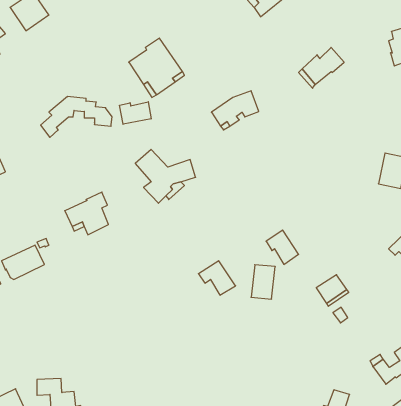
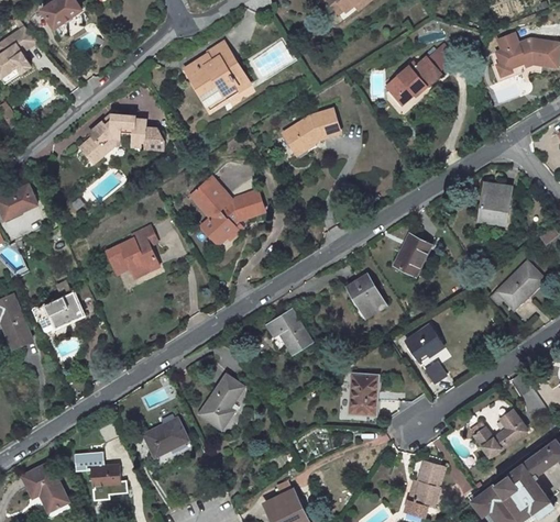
building: [120,102,151,124] -> none
building: none -> [395,233,432,275]
building: [251,265,275,299] -> [351,374,380,414]
building: none -> [200,375,243,427]
building: none -> [144,418,187,457]

